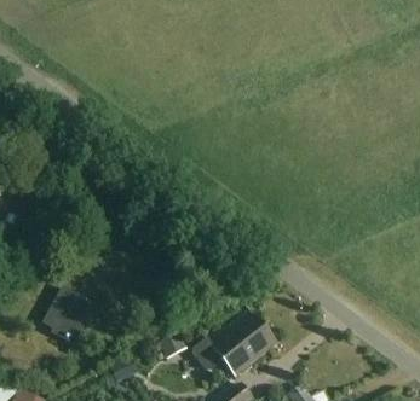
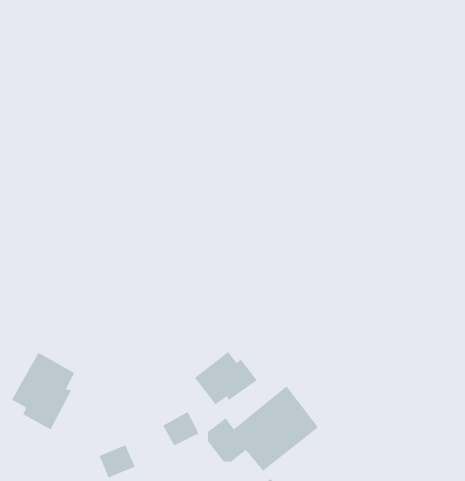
building: none -> [194,351,257,405]

